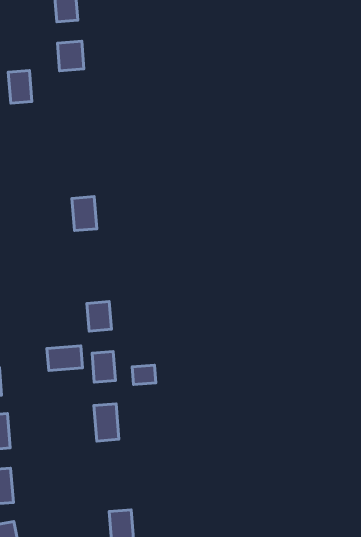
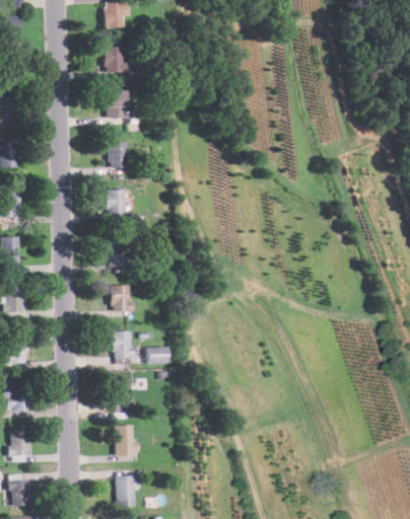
building: [8,71,32,103] -> [107,91,126,120]
building: none -> [109,142,129,168]
building: none -> [110,238,132,268]
building: [47,346,83,371] -> none
building: none -> [115,426,138,456]

